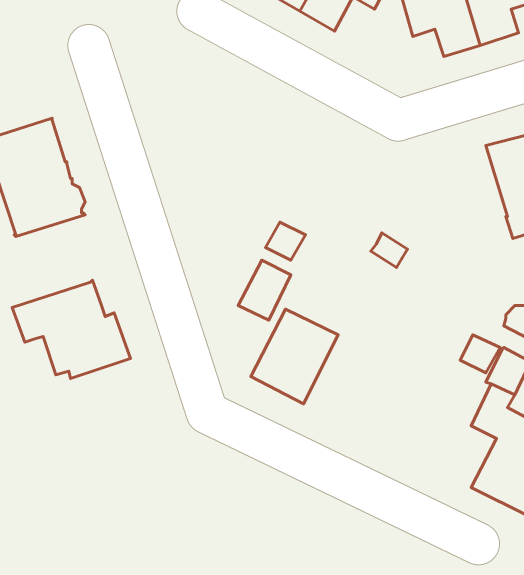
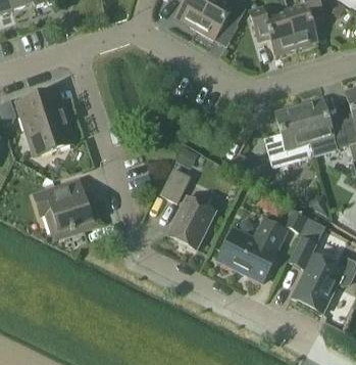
building: none -> [263,103,314,168]
building: none -> [217,218,287,281]

